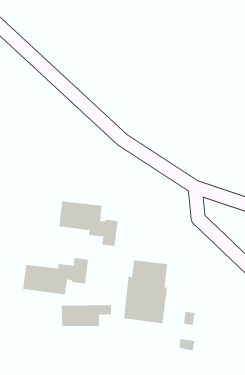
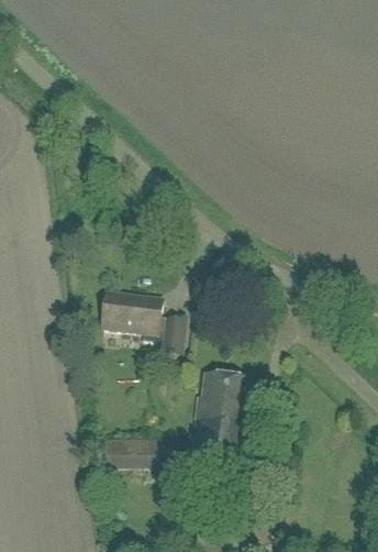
building: [23,257,89,295] -> none

